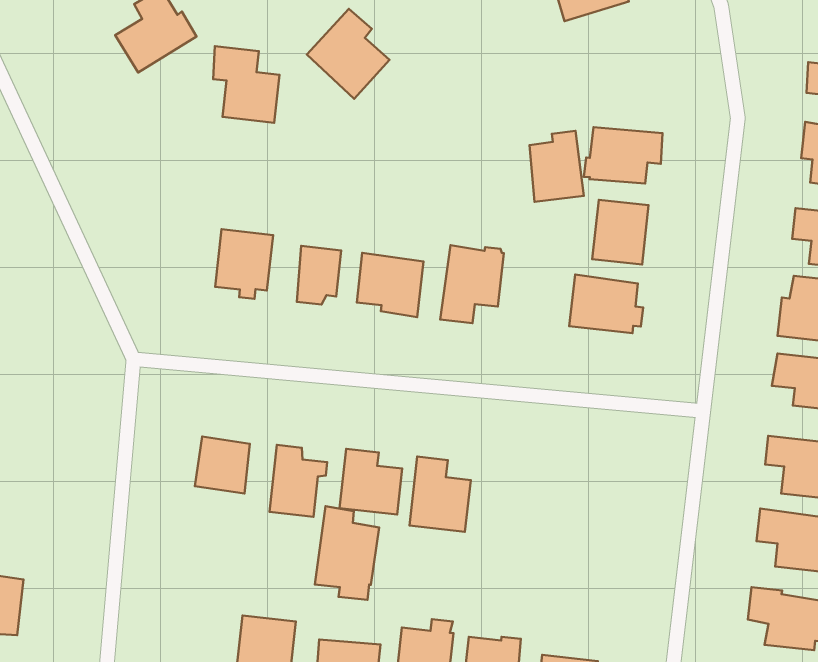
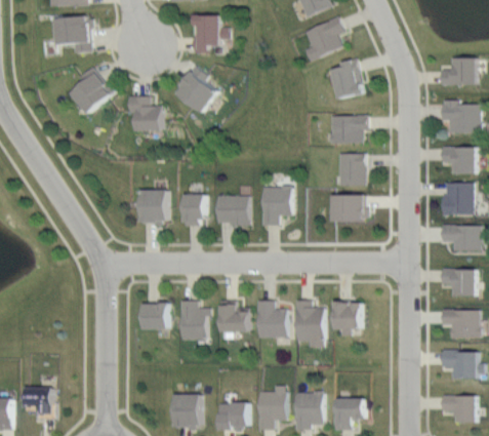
building: [529,131,584,202] -> [330,60,362,100]
building: none -> [331,301,361,336]
building: [315,506,379,600] -> [293,301,324,348]

